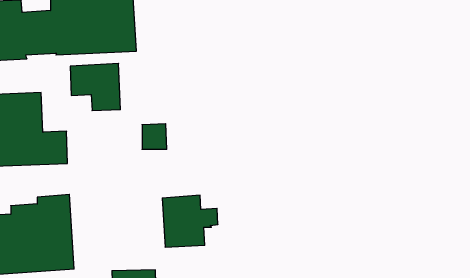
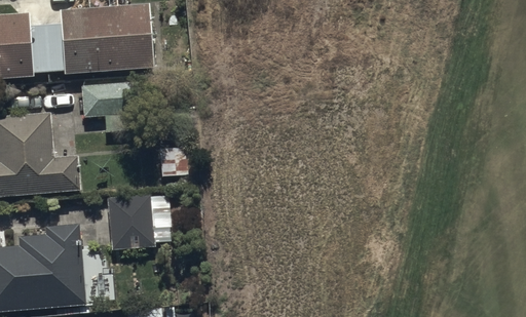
building: [162,195,218,247] -> [108,194,168,250]

